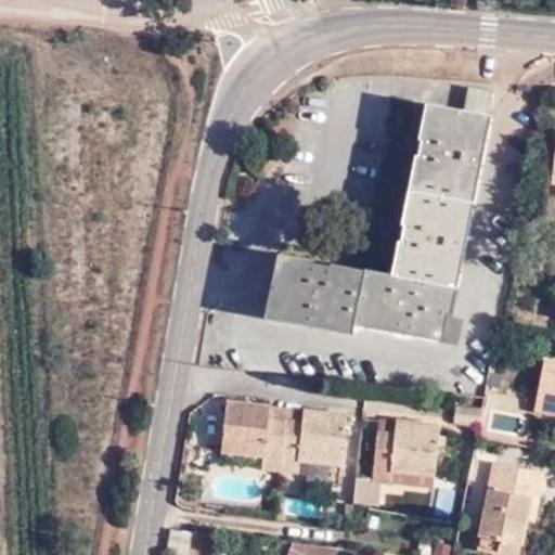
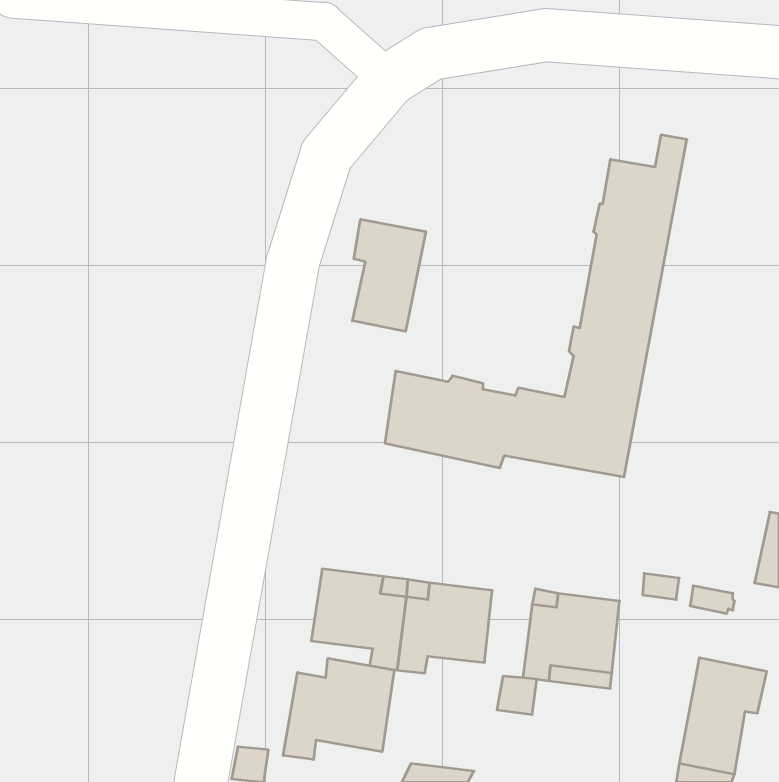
building: none -> [352,219,426,331]
building: none -> [283,658,394,760]

